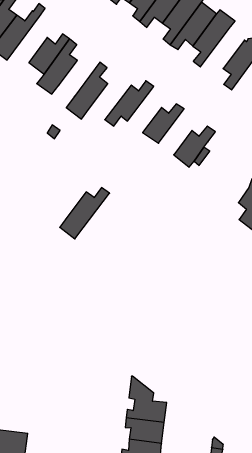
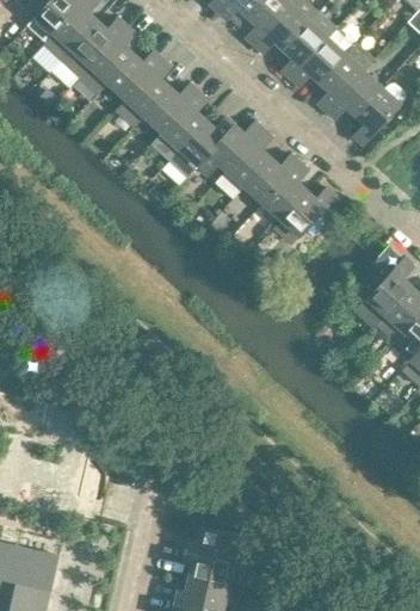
building: none -> [79,26,135,94]
building: none -> [326,66,385,119]
building: none -> [143,84,198,132]
building: none -> [214,130,272,200]
building: none -> [262,162,308,220]
building: [60,188,110,239] -> [167,117,235,179]

